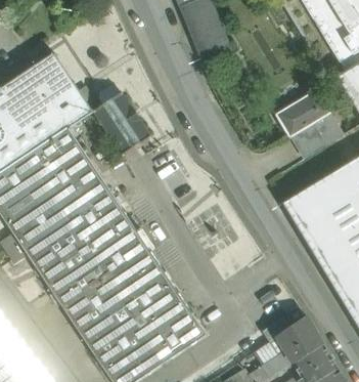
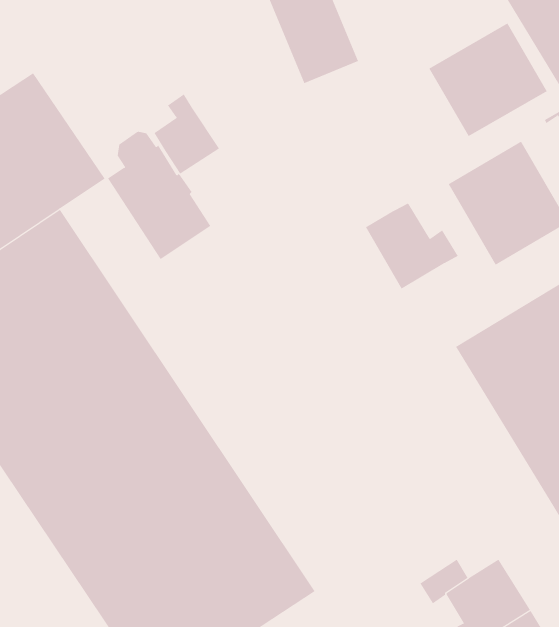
building: none -> [428,23,548,137]
building: none -> [154,94,220,174]
building: none -> [365,203,459,289]

